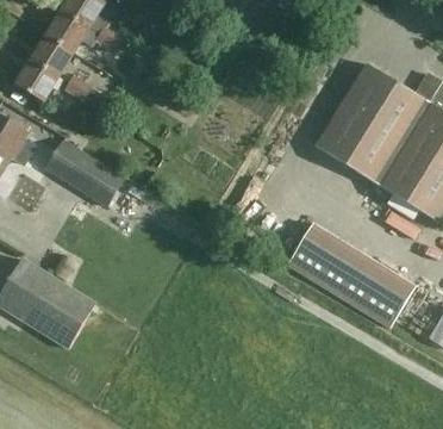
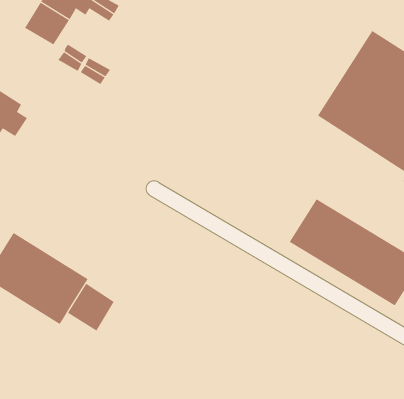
building: [15,60,60,101] -> none
building: [43,137,121,204] -> none
building: none -> [67,283,114,331]

